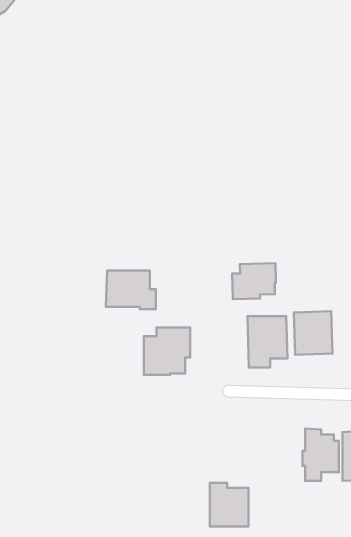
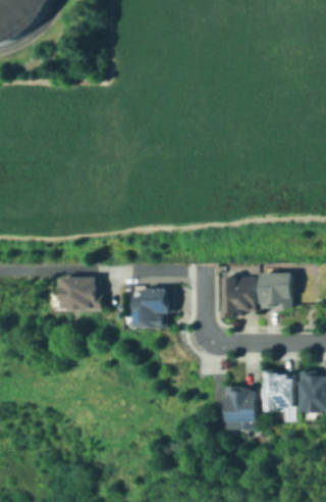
building: [232,263,276,299] -> none
building: [106,271,156,309] -> [61,275,102,307]
building: [210,483,248,526] -> [226,385,258,420]

